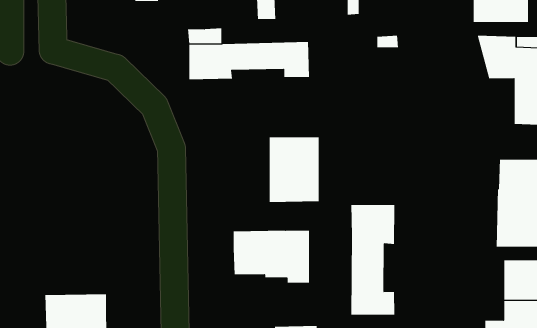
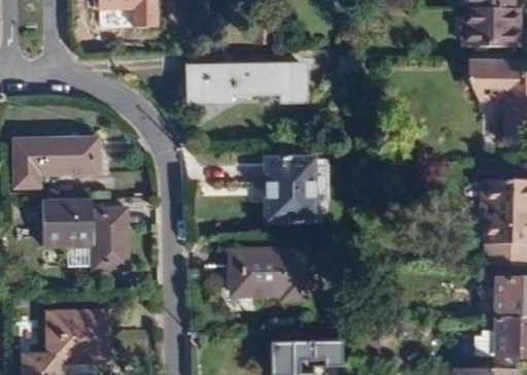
building: none -> [12,137,100,186]
building: none -> [44,197,128,269]
building: [351,204,395,315] -> none

